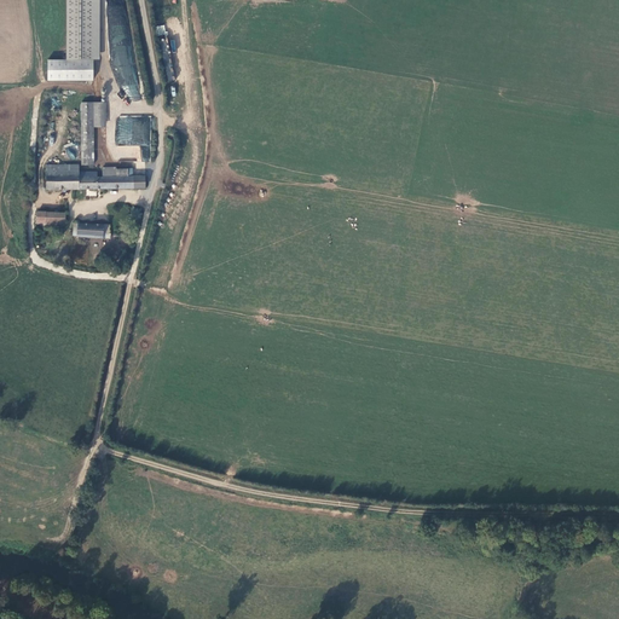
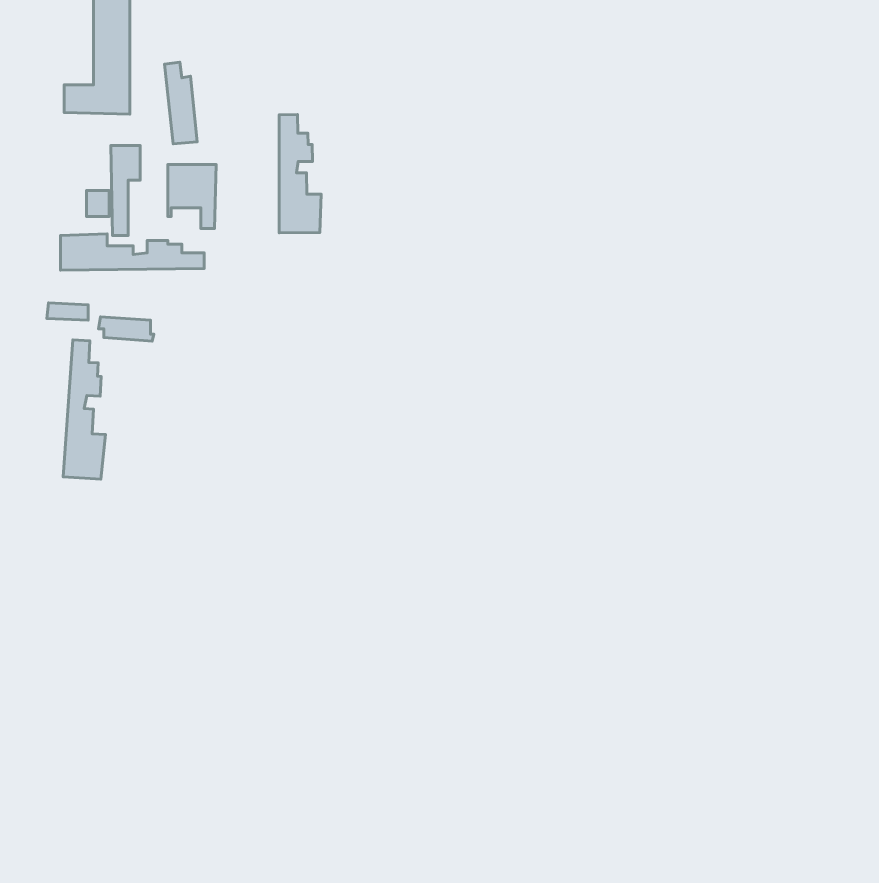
building: none -> [279,115,321,233]
building: none -> [63,340,105,479]

